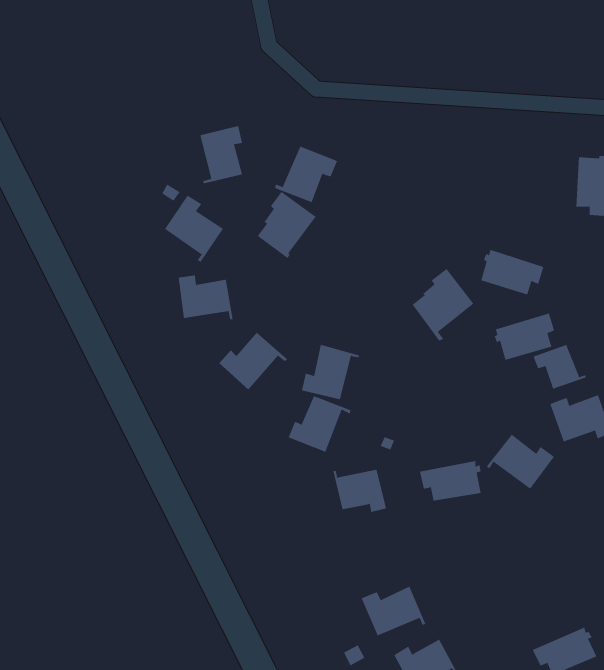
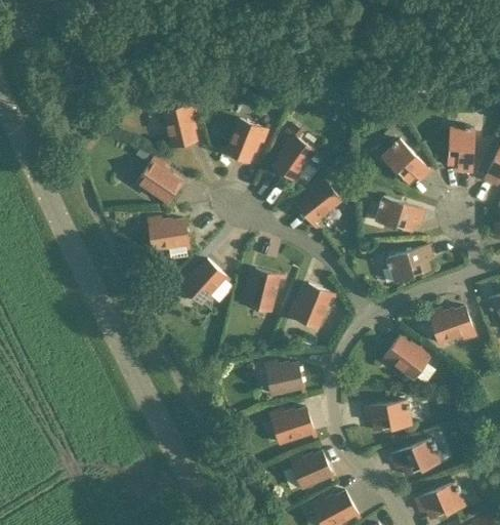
building: none -> [382,140,429,185]
building: [257,191,316,259] -> [270,132,316,184]
building: [412,268,474,341] -> [294,175,341,231]
building: [533,344,586,390] -> none
building: [288,395,352,452] -> [289,285,337,328]
building: [419,461,482,501] -> [364,401,411,432]
building: none -> [269,409,317,444]
building: none -> [390,440,440,477]

